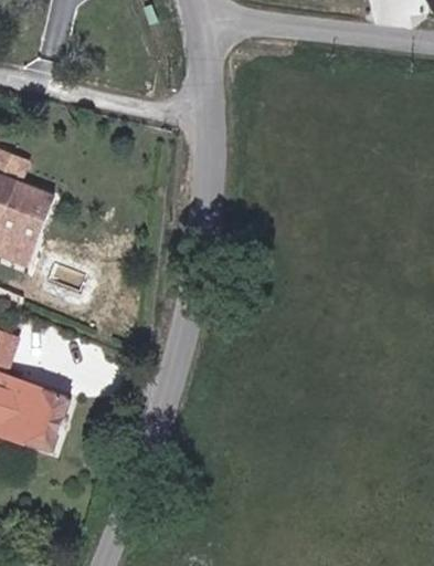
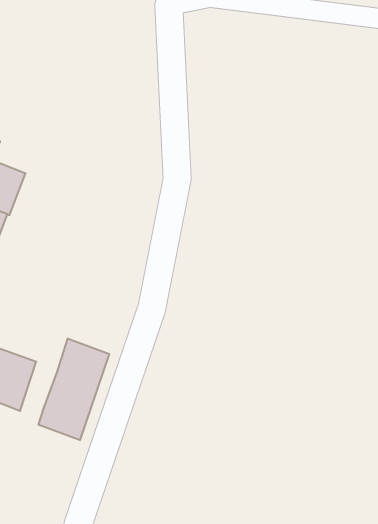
building: none -> [39,338,109,440]

